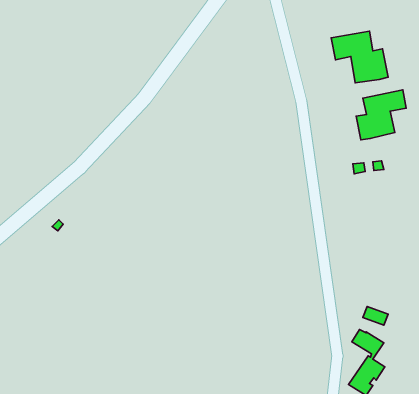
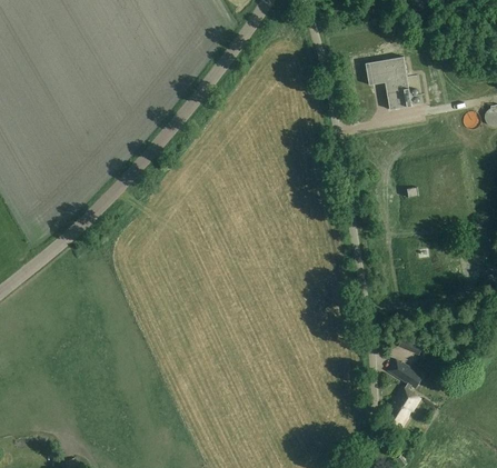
building: [356,90,406,140] -> none

